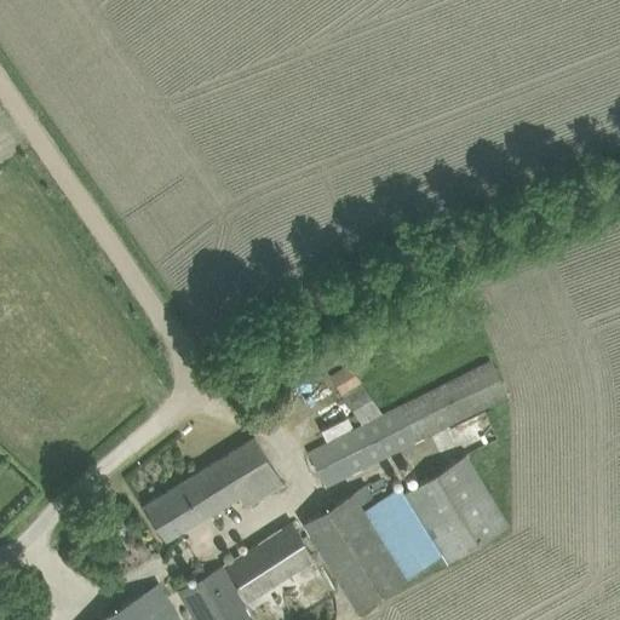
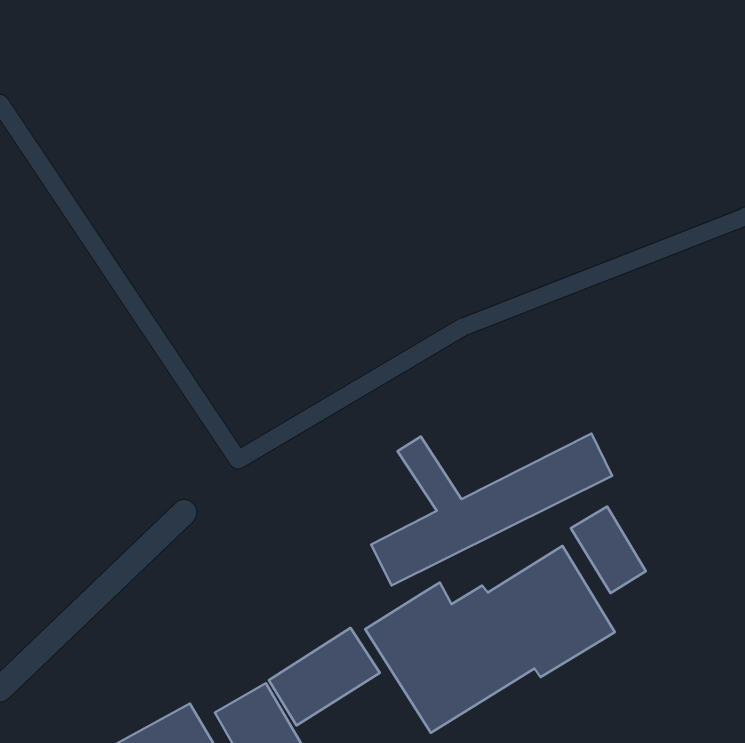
building: none -> [571,507,646,593]
building: [144,438,283,542] -> none

